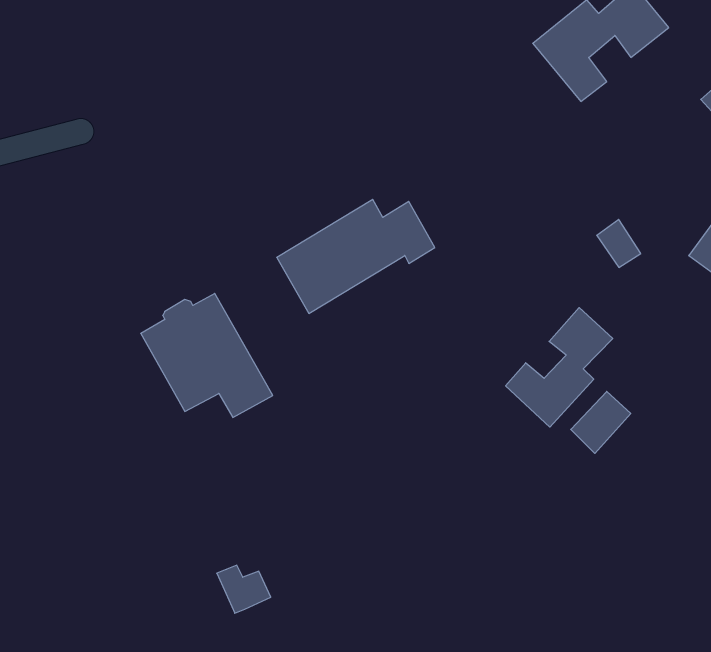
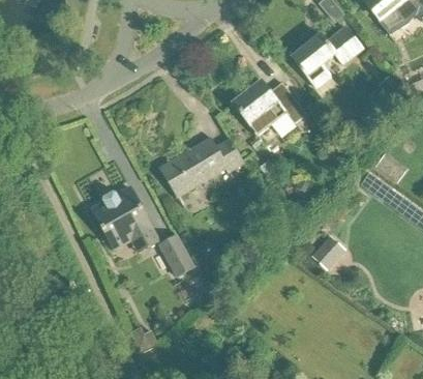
building: none -> [232,79,304,133]
building: [506,308,613,427] -> none
building: none -> [158,235,194,278]

